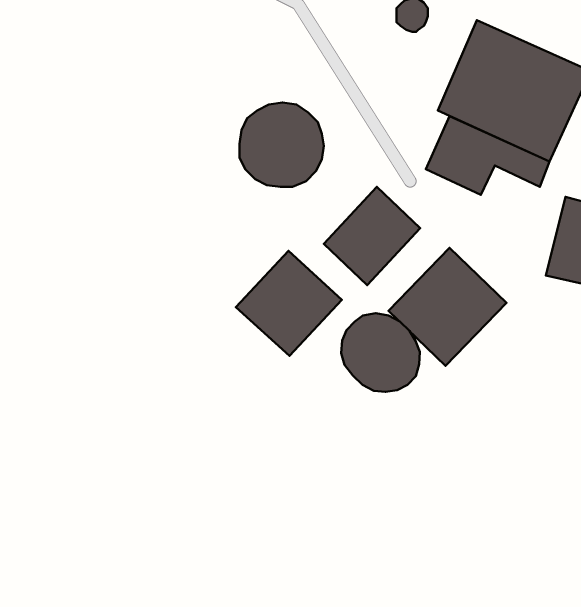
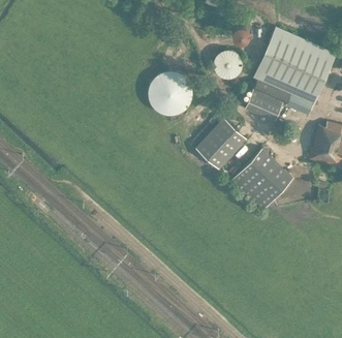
building: none -> [215,50,243,76]
building: [236,251,342,356] -> none
building: [341,313,420,392] -> none

